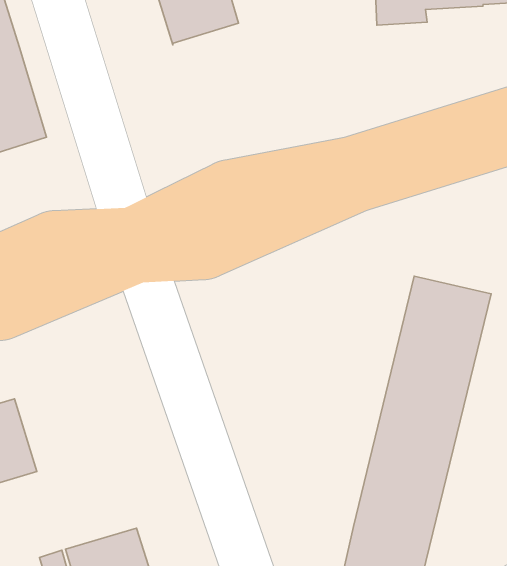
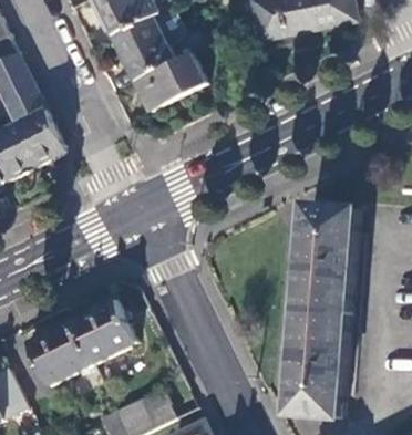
building: none -> [133,55,203,113]
building: none -> [69,298,134,363]

